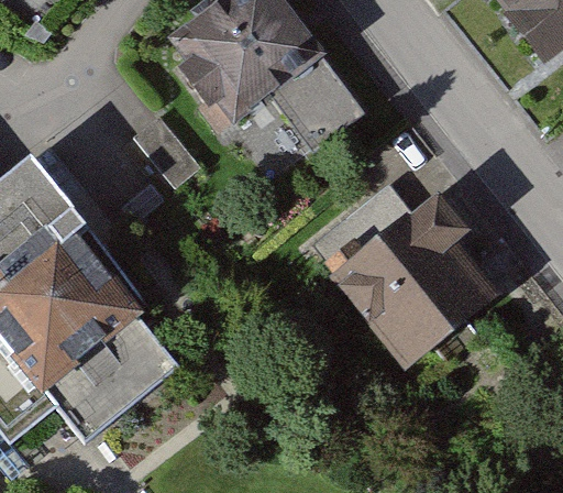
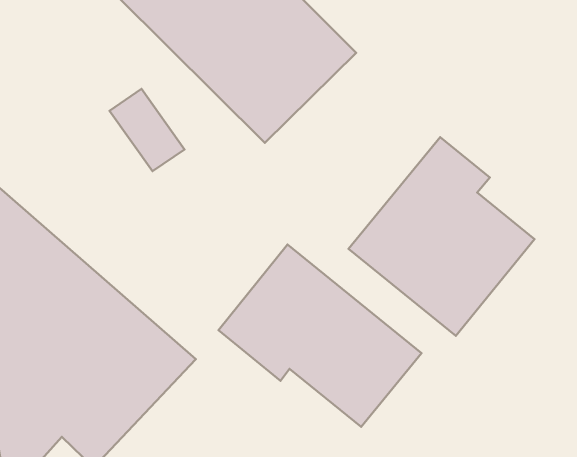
building: none -> [219,244,421,427]

